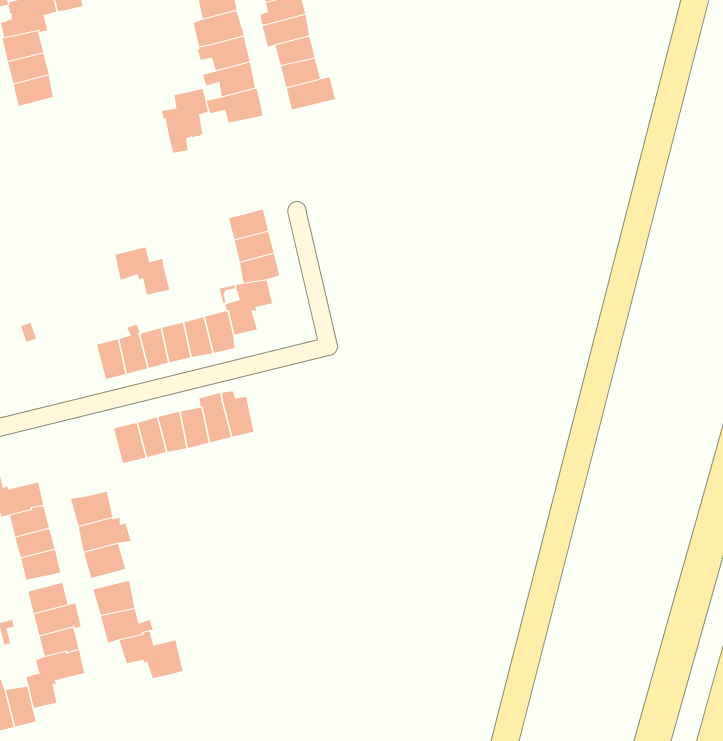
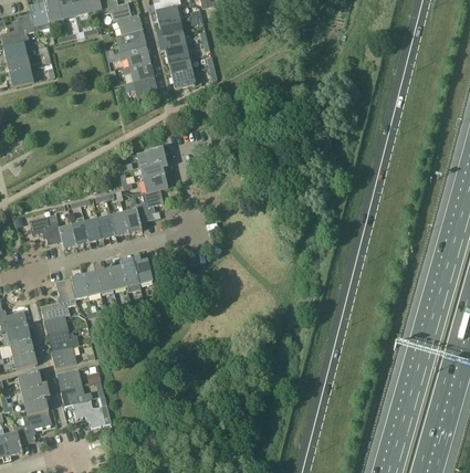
building: [161,88,208,154] -> none
building: [115,247,170,295] -> [29,216,62,244]
building: none -> [40,277,76,319]

